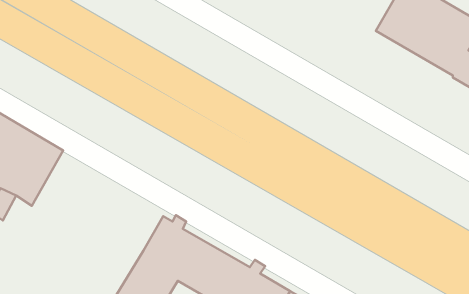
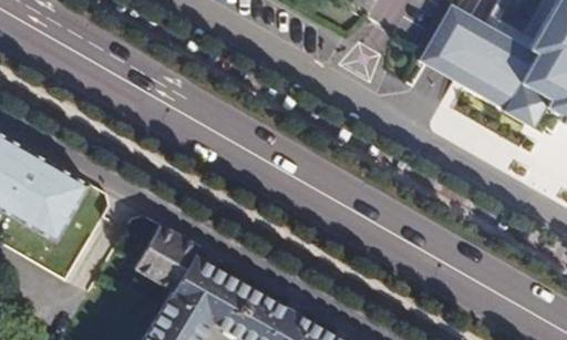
building: none -> [136,225,198,290]

